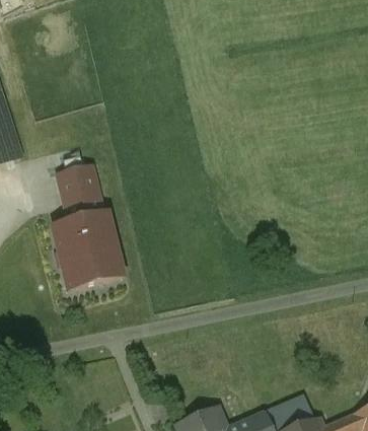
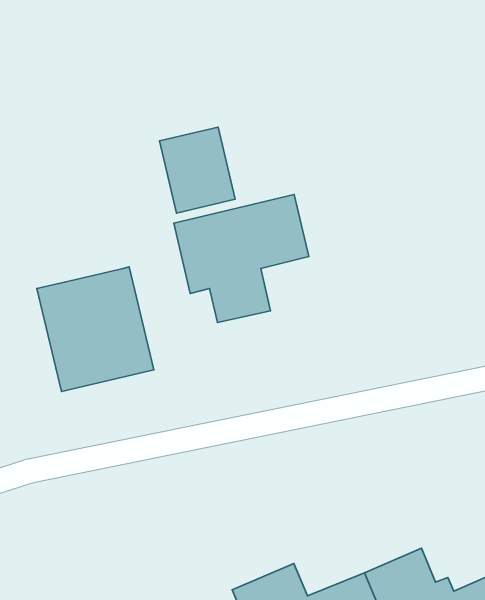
building: none -> [174,194,309,322]
building: [56,164,105,221] -> [160,127,235,213]

